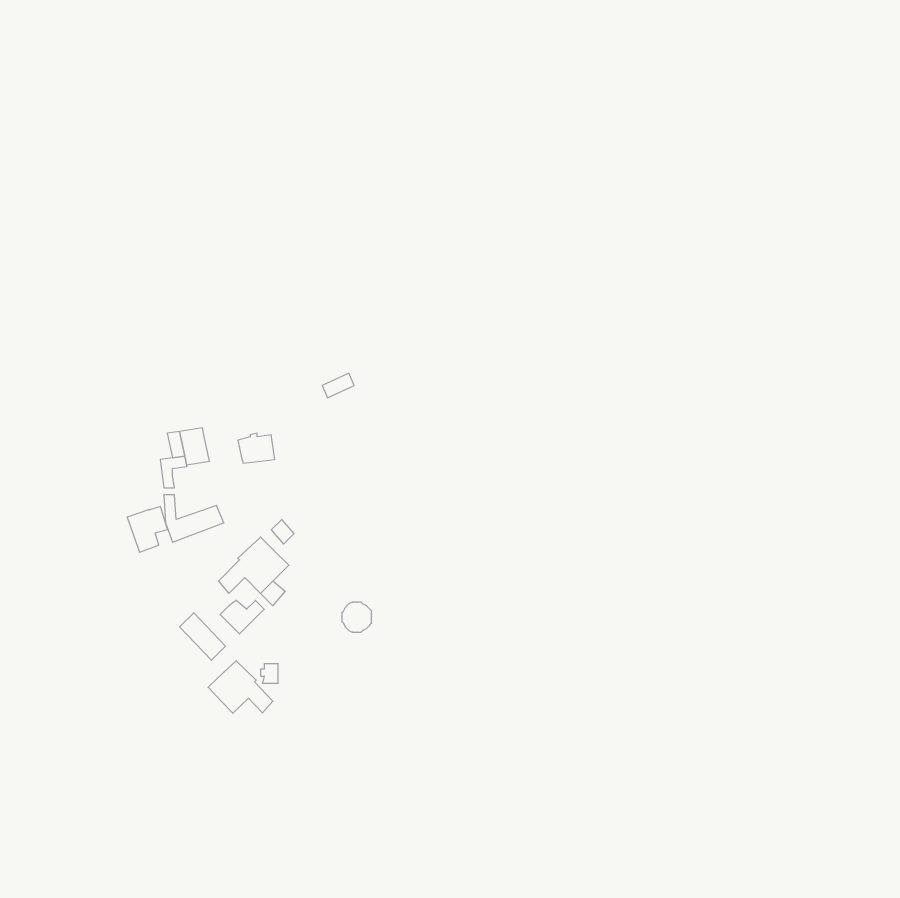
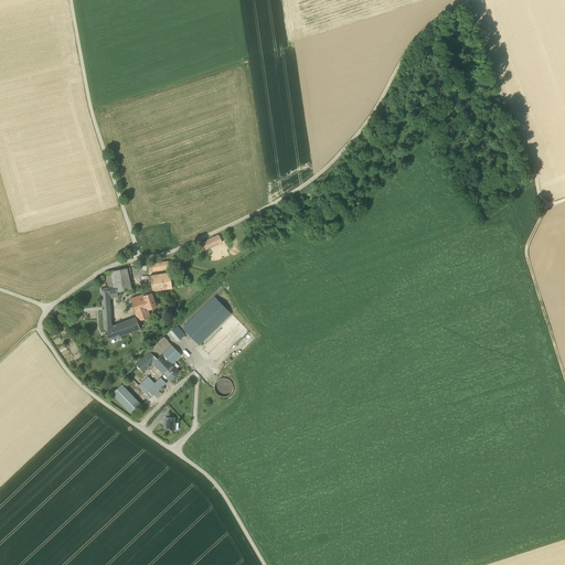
building: none -> [183,297,231,344]
building: [127,506,168,552] -> [130,292,156,321]
building: [208,661,273,713] -> none

